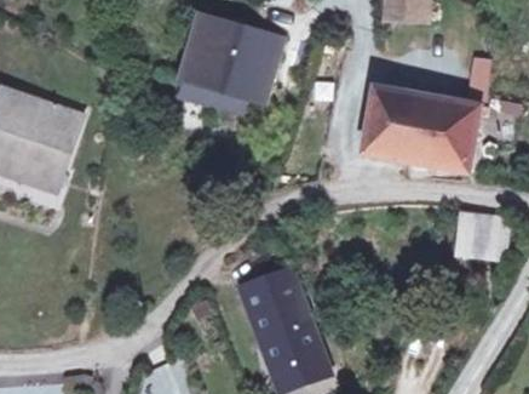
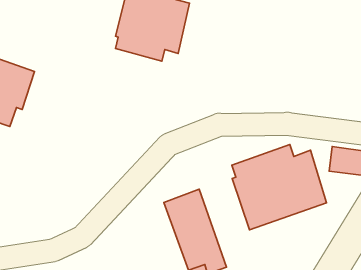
building: [366,74,488,170] -> none
building: none -> [232,145,327,230]

